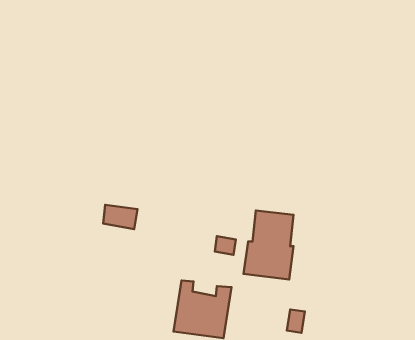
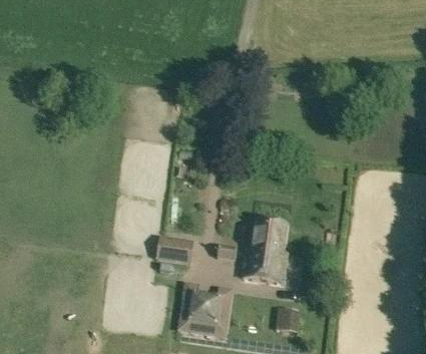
building: [103,205,137,229] -> [160,241,191,263]

